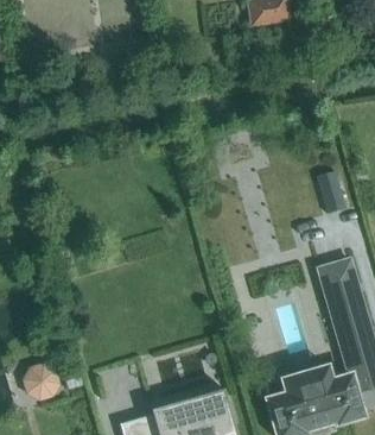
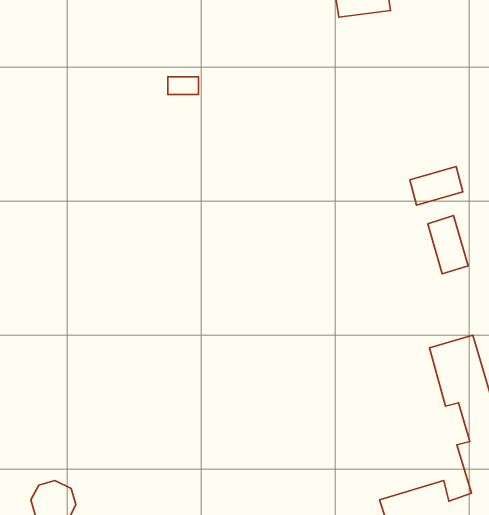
building: none -> [410,166,463,205]

